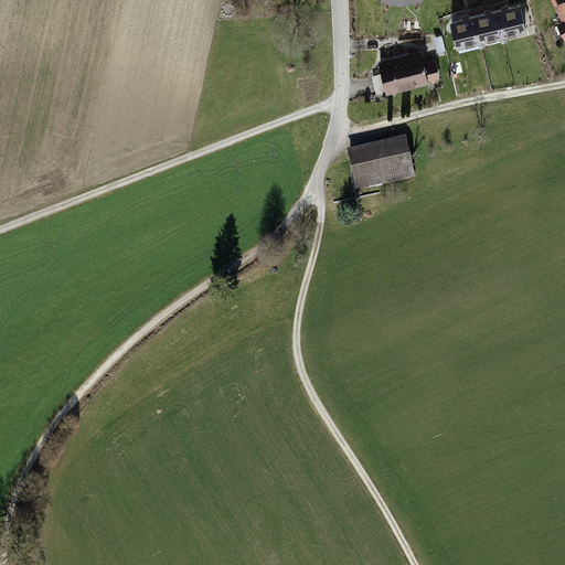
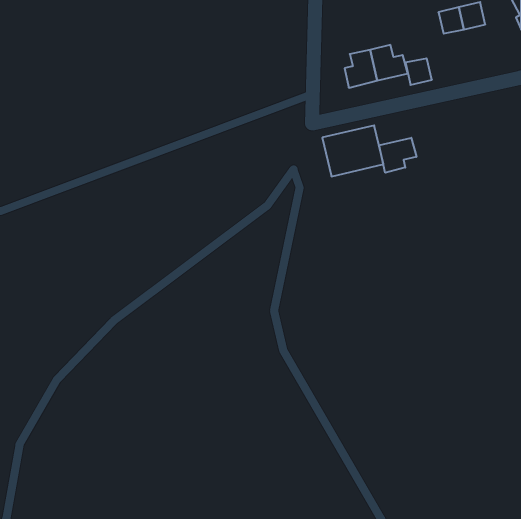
building: [451,13,480,42] -> [405,58,432,85]
building: none -> [379,138,416,173]

